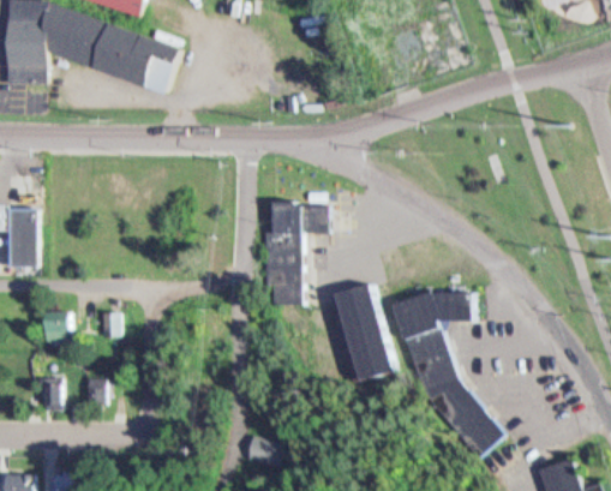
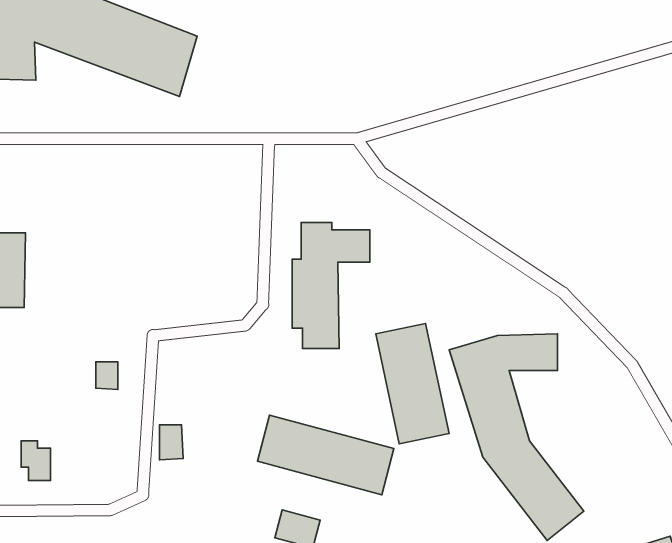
building: [43,312,70,343] -> none
building: none -> [257,415,394,495]
building: [88,378,107,407] -> [160,425,183,460]

